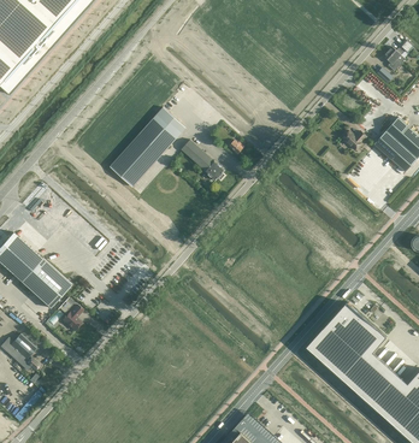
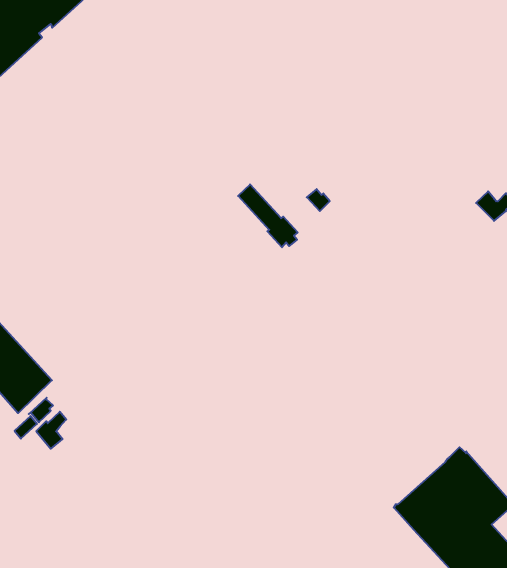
building: [111,106,187,185] -> none

